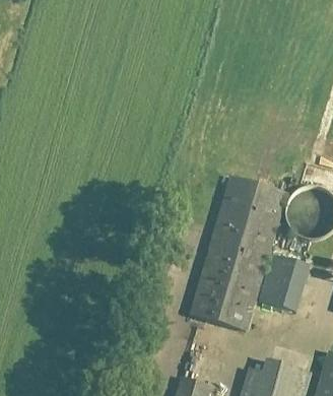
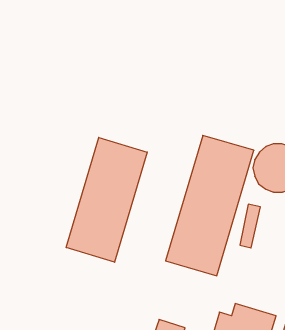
building: none -> [66,137,147,262]
building: [281,255,313,306] -> none

